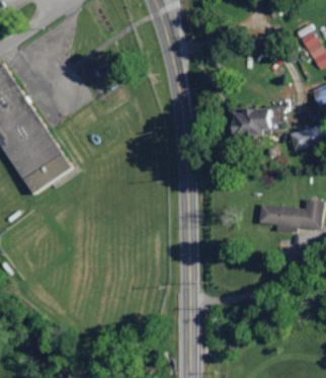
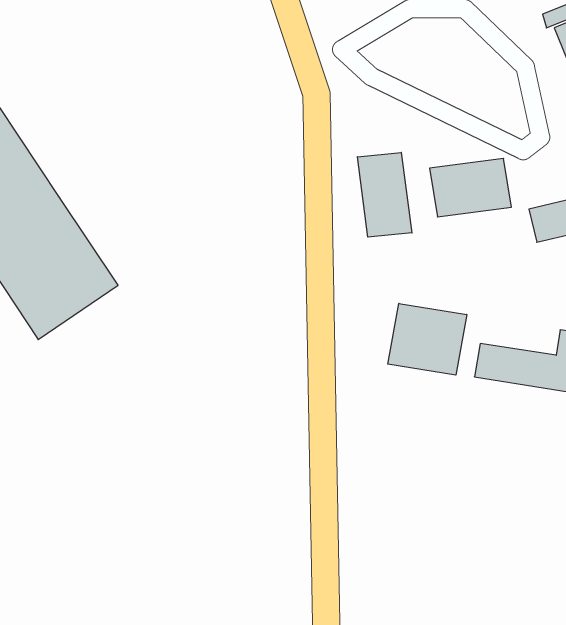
building: none -> [357,152,412,237]
building: none -> [388,303,467,375]

